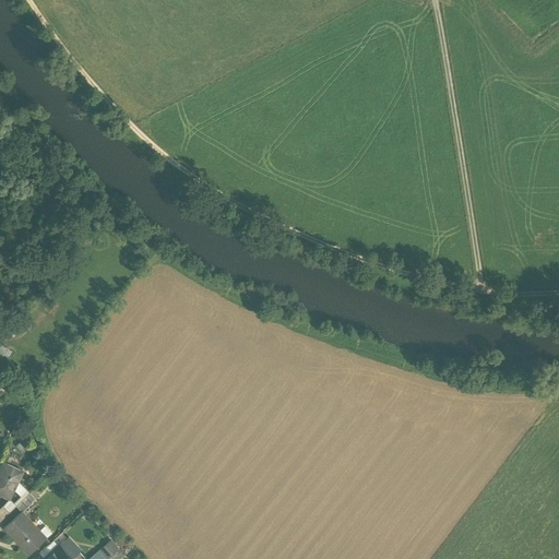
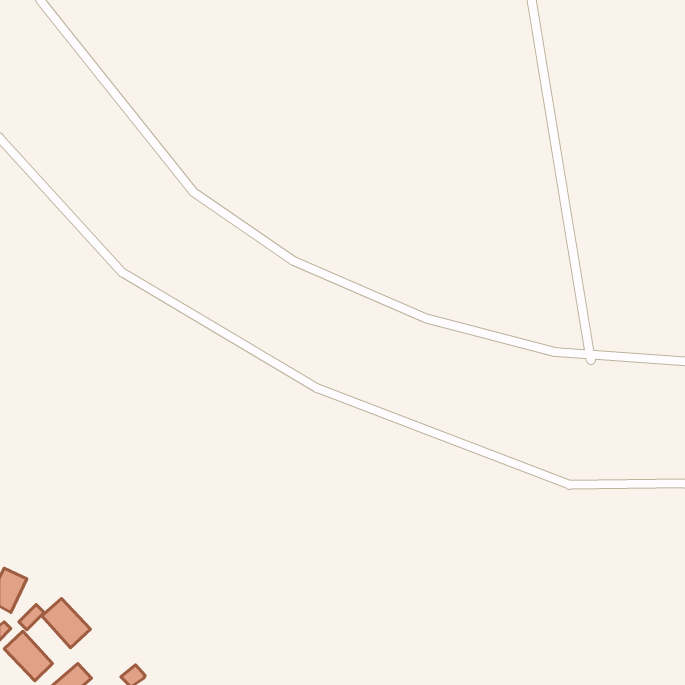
building: none -> [42,599,90,648]

